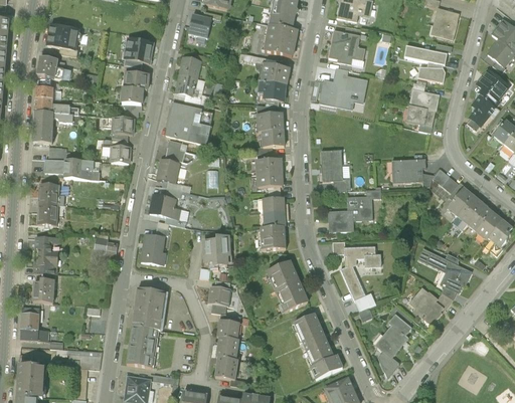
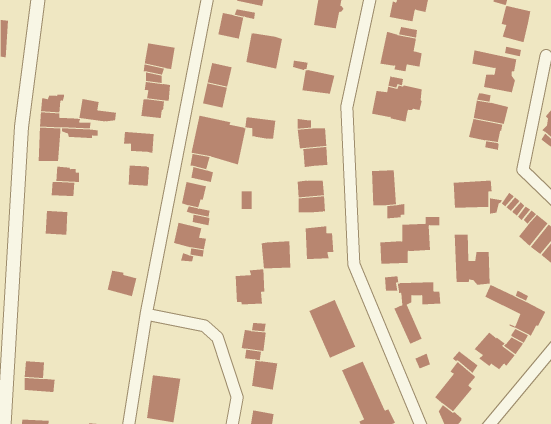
building: [265,23,297,55] -> [246,32,283,69]
building: [47,25,81,49] -> none
building: [38,57,71,77] -> [78,98,117,122]
building: [259,80,286,99] -> [245,117,276,139]
building: [64,160,98,179] -> none
building: none -> [454,234,490,285]
building: [37,204,58,225] -> none
building: [260,225,286,249] -> [261,241,291,269]
building: [141,234,163,263] -> none
building: [34,237,57,267] -> none
building: [32,278,54,303] -> none
building: [132,287,166,330] -> none
building: [216,336,238,359] -> none

